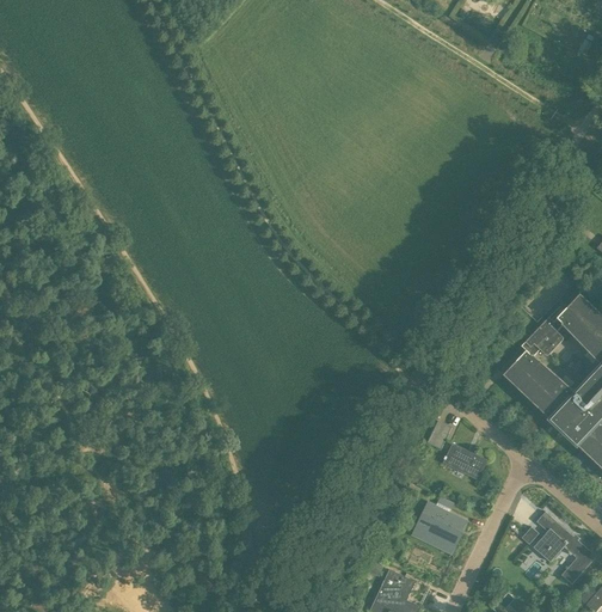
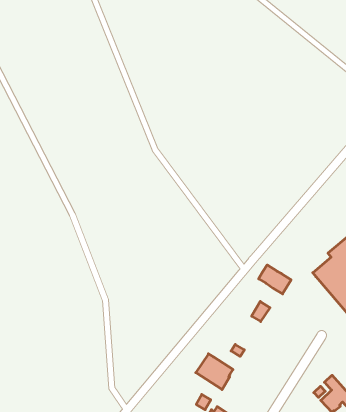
building: [443,443,487,481] -> [259,265,291,294]
building: [414,504,465,551] -> [196,354,233,390]

